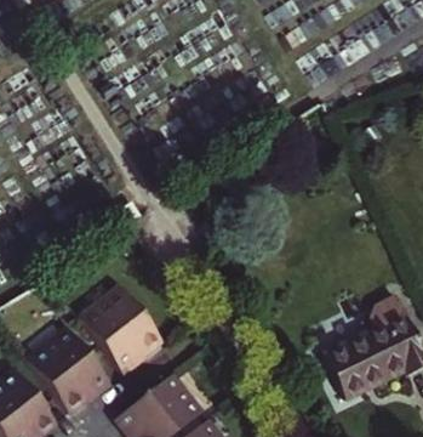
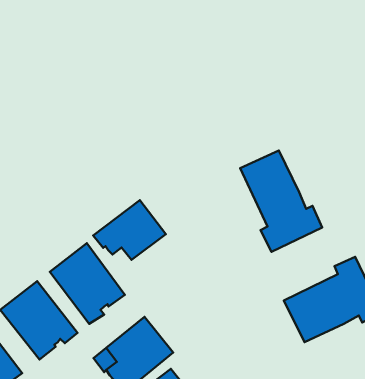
building: none -> [240,151,322,252]
building: none -> [93,200,166,260]

